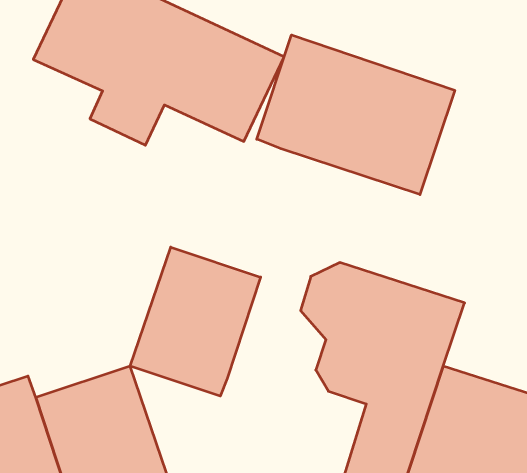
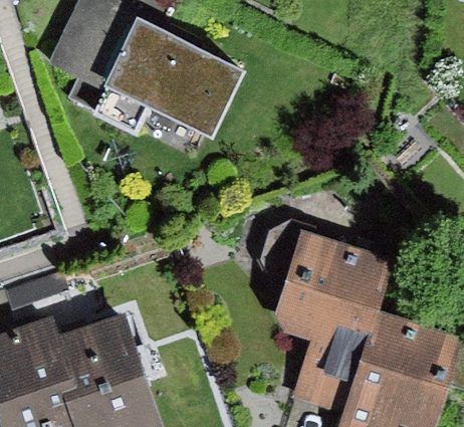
building: [257,35,455,195] -> none
building: [130,247,261,396] -> none

